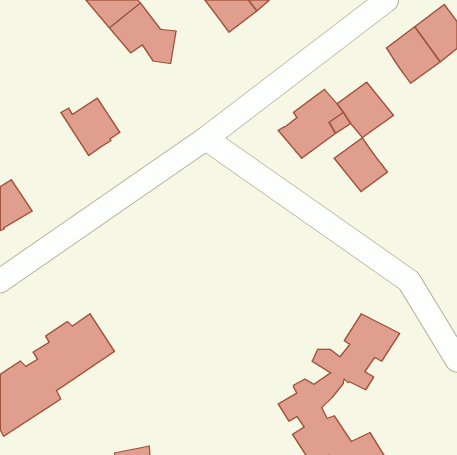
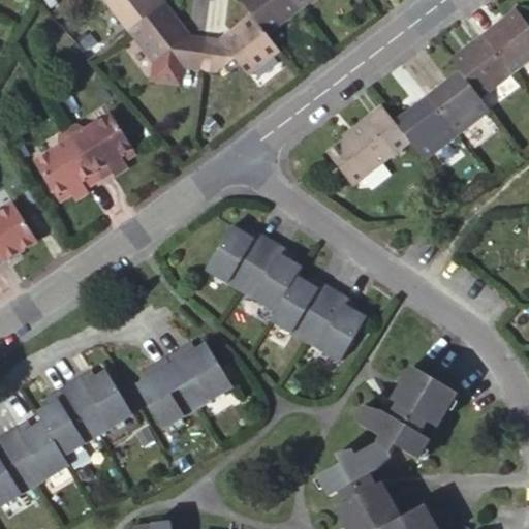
building: none -> [197,19,277,80]
building: none -> [36,132,102,205]
building: [334,138,388,192] -> [424,73,486,135]
building: none -> [205,228,368,361]
building: none -> [135,338,229,426]

